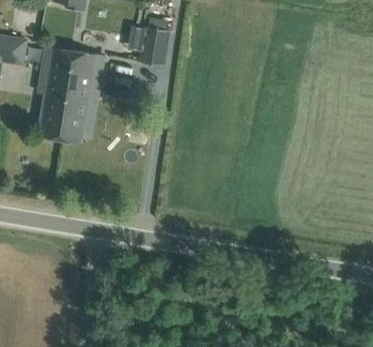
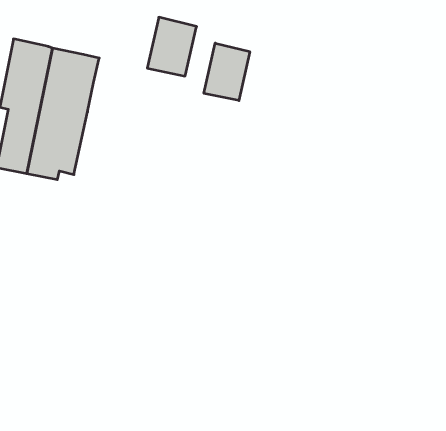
building: none -> [204,43,250,101]

